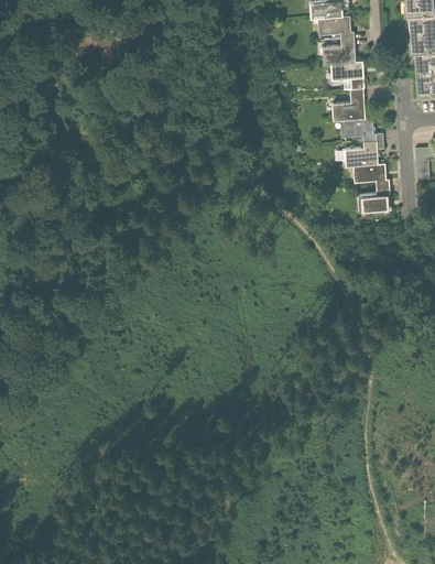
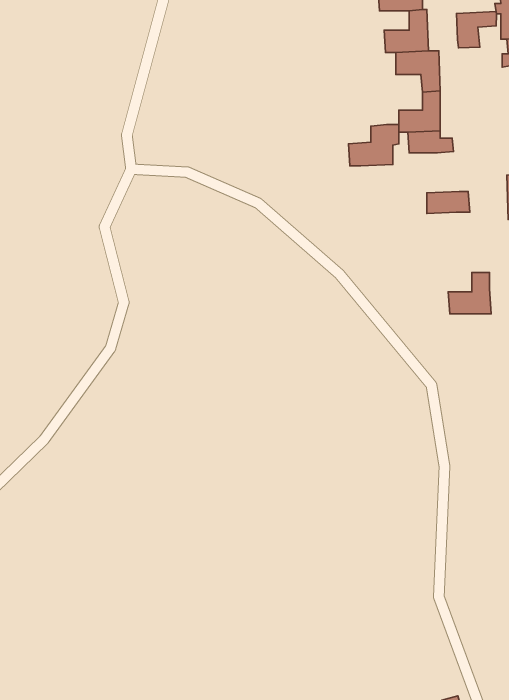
building: none -> [456,11,496,48]
building: [345,134,382,165] -> [349,125,399,166]
building: [358,180,390,210] -> [448,273,491,314]

